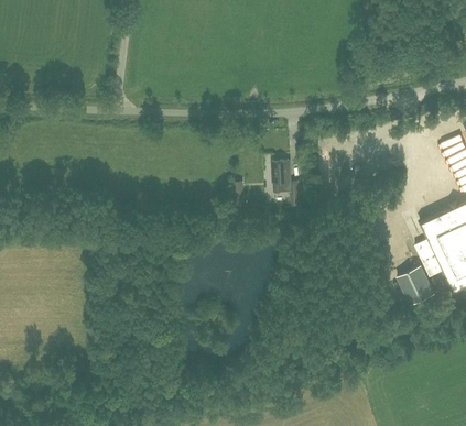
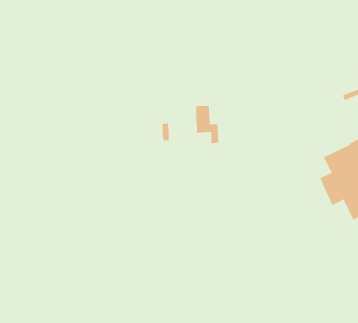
building: [399,265,435,305] -> none

